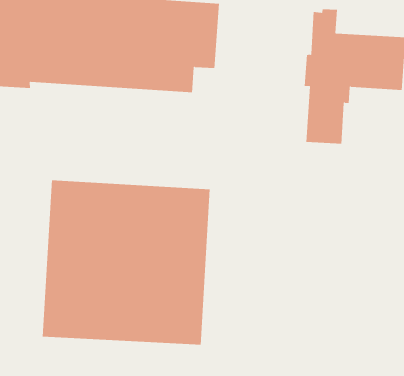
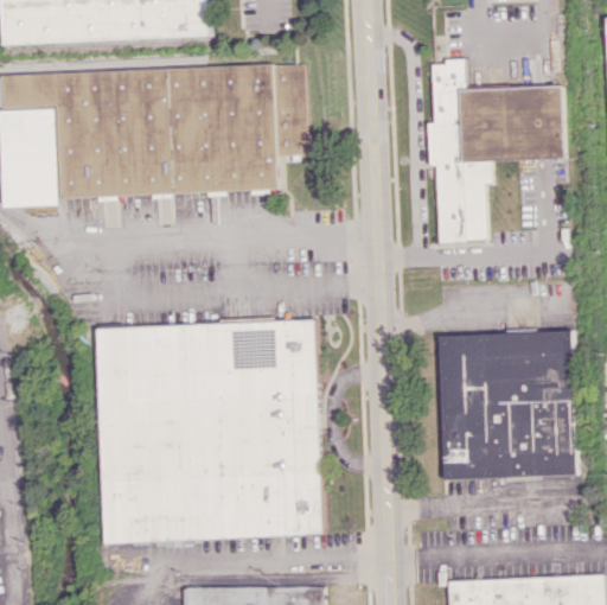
building: none -> [436,331,574,479]

